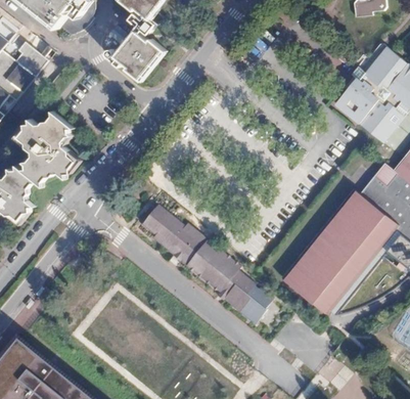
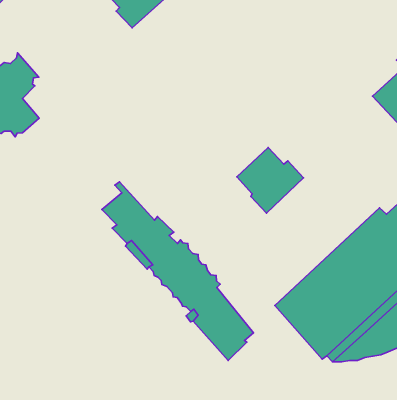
building: none -> [237,147,303,213]

